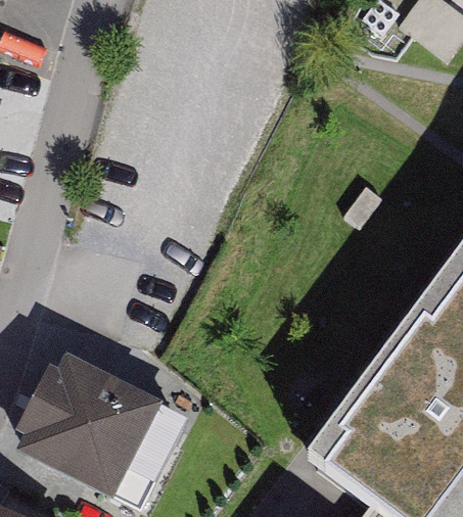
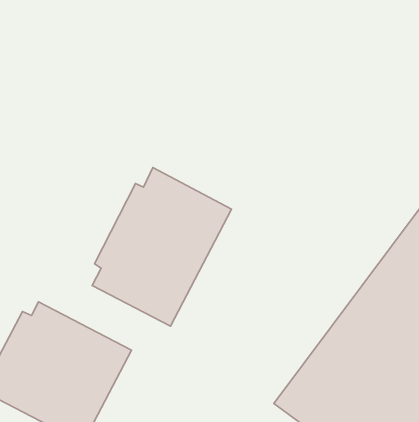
building: none -> [92,167,231,326]

